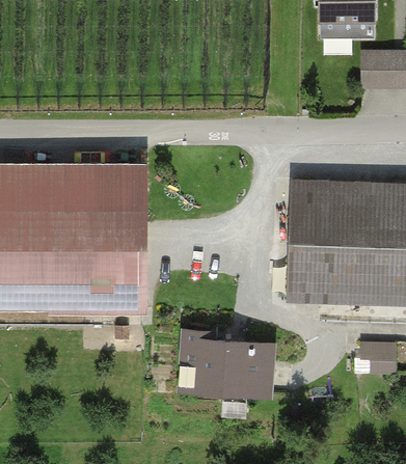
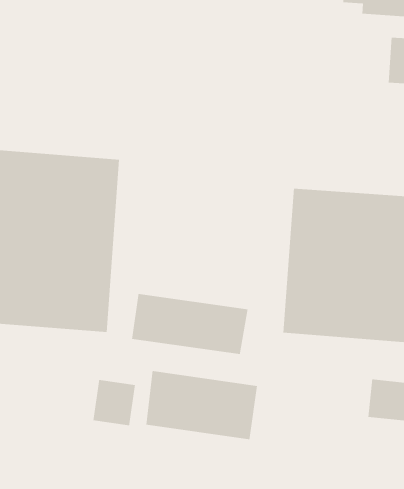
building: none -> [131,293,248,355]
building: none -> [93,379,135,426]

